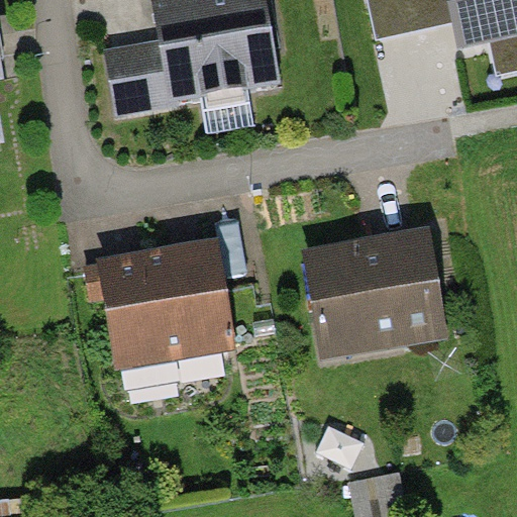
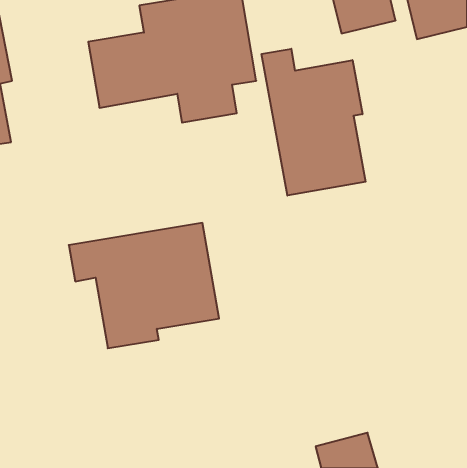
building: none -> [262,49,366,196]
building: [309,229,448,357] -> none

